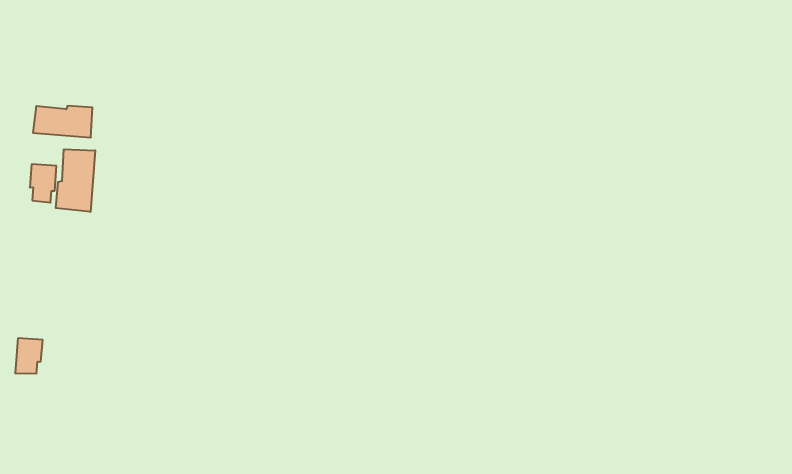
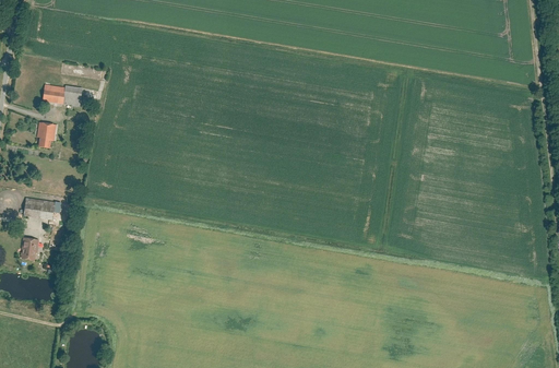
building: [56,149,95,212] -> none
building: none -> [23,198,55,221]

